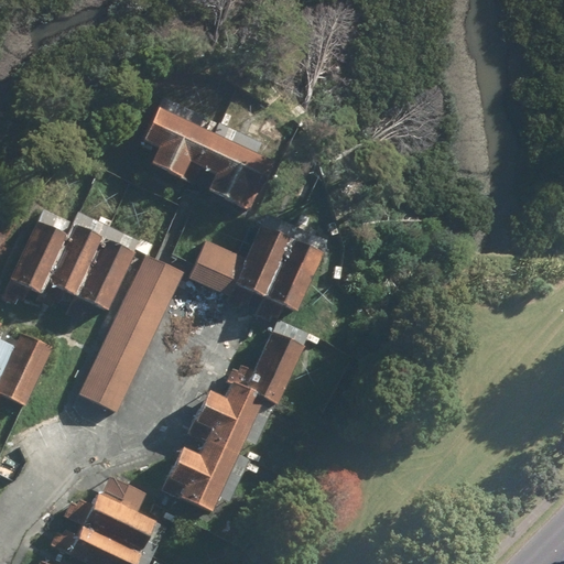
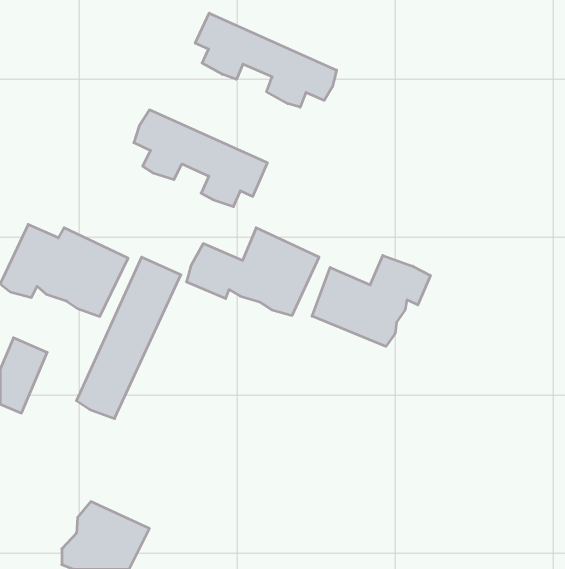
building: none -> [195,13,337,107]
building: none -> [312,255,430,346]
building: [165,330,303,511] -> none

